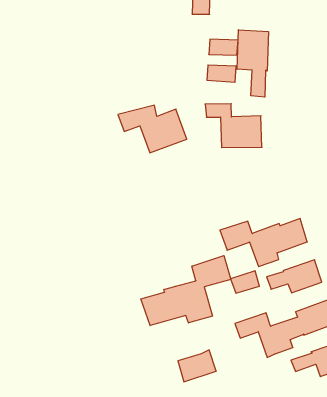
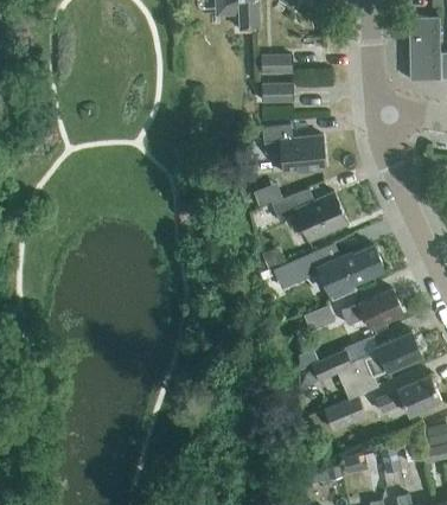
building: [237,30,268,97] -> none
building: [118,105,187,153] -> [270,190,347,242]
building: [141,256,231,326] -> none
building: [178,350,216,382] -> [324,395,366,432]

